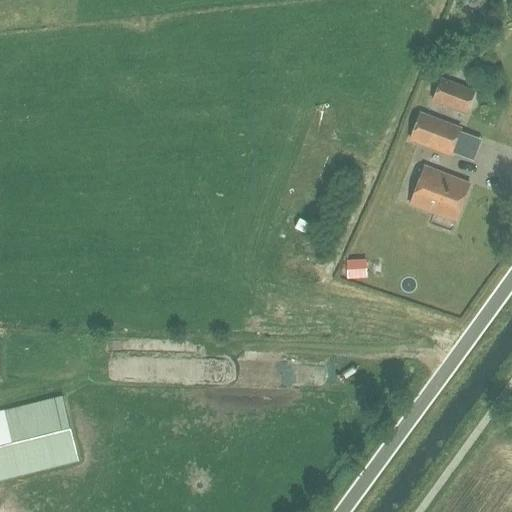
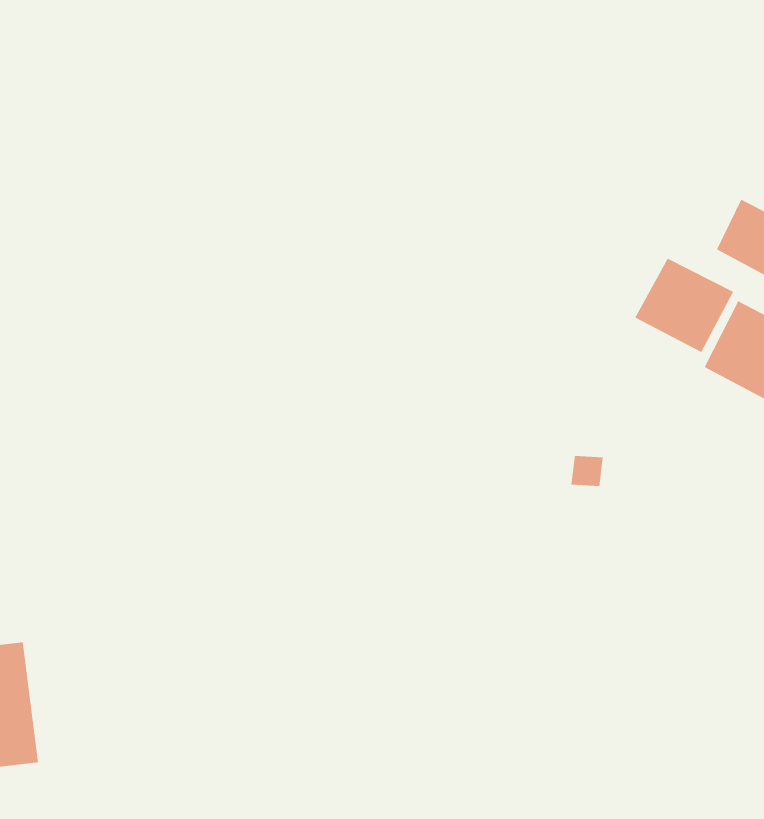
building: none -> [634,258,734,353]

